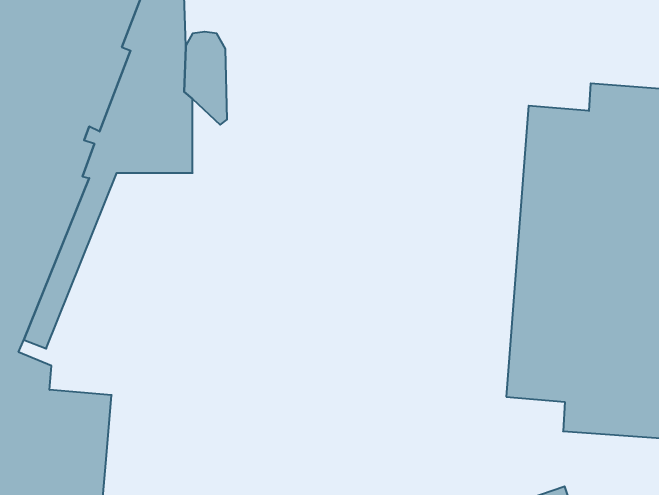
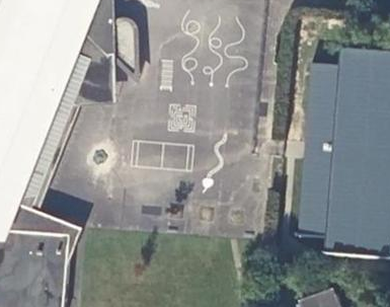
building: none -> [11,201,79,268]

